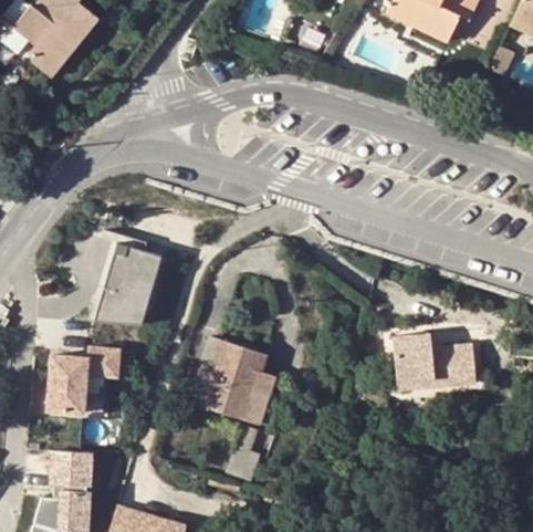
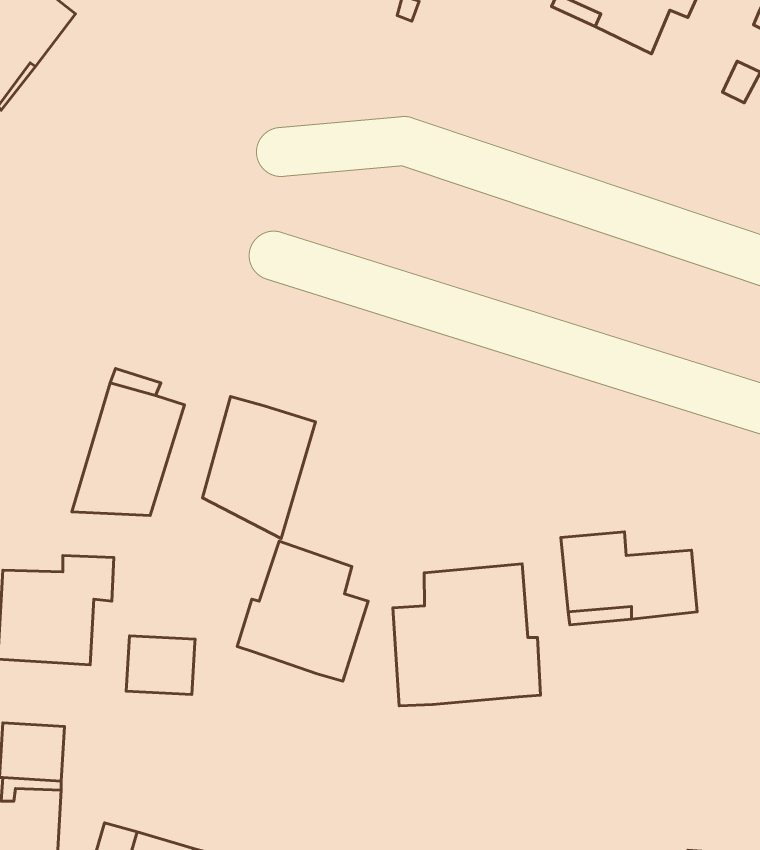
building: none -> [203,396,316,539]
building: none -> [393,564,540,706]
building: none -> [126,636,195,695]

